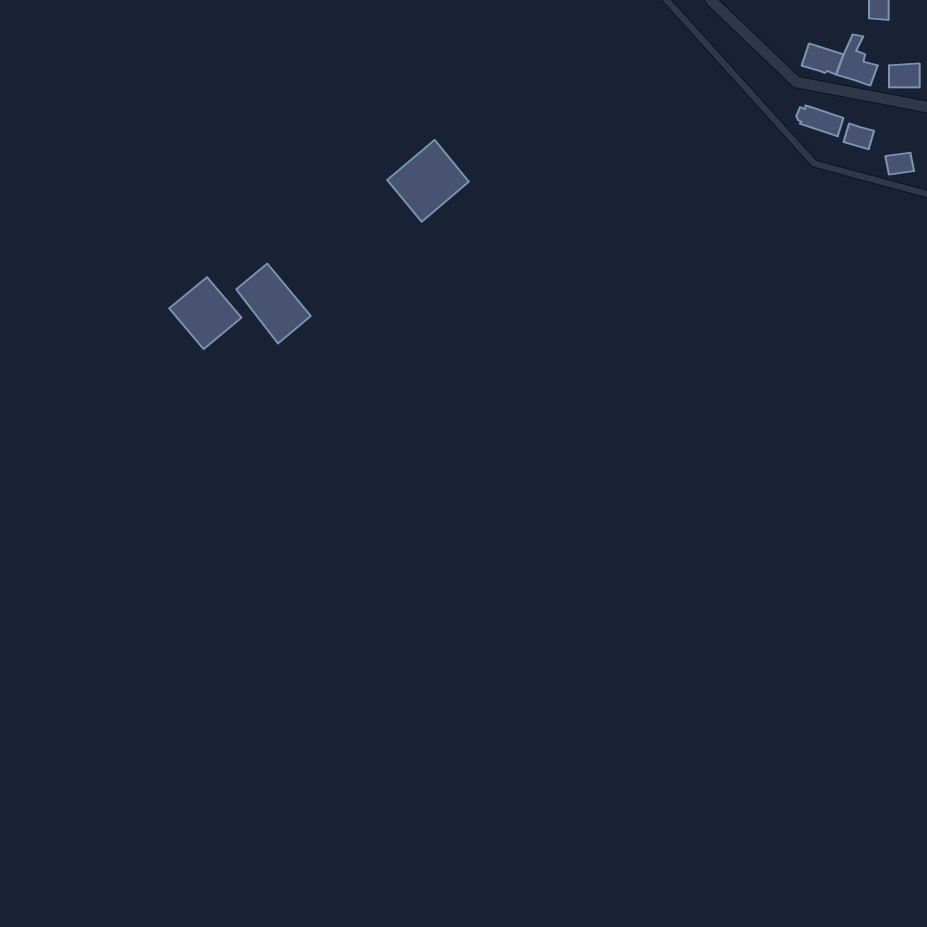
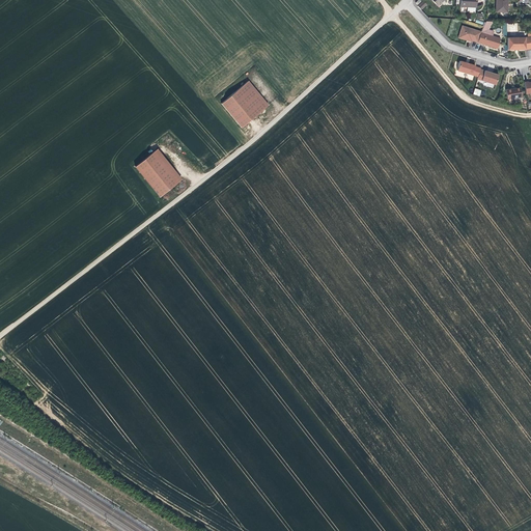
building: [169,277,241,349] -> none

